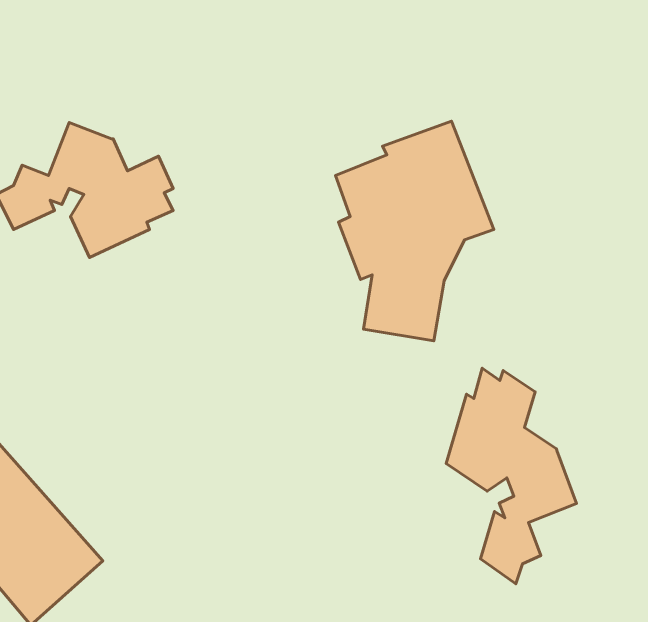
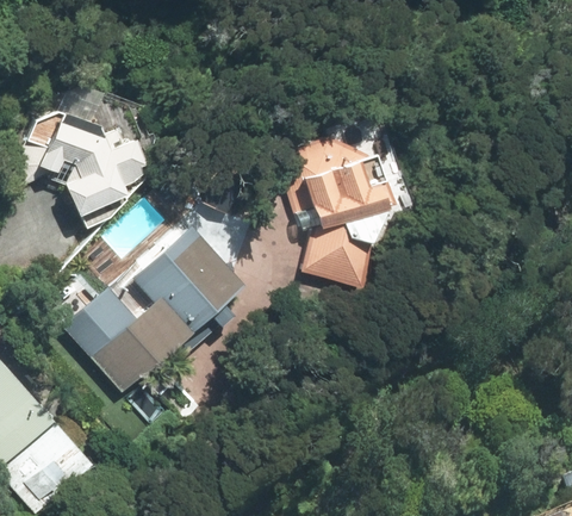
building: none -> [66,225,245,394]
building: [446,368,576,584] -> none

